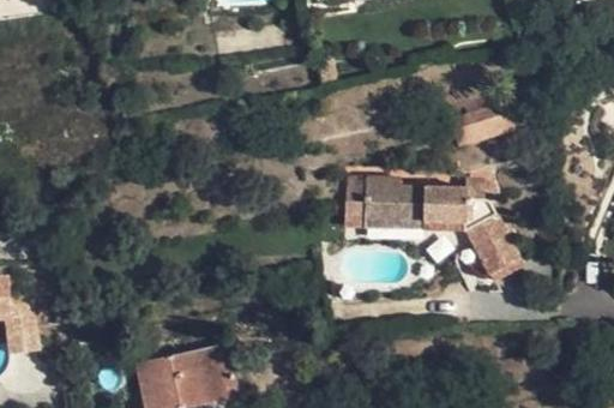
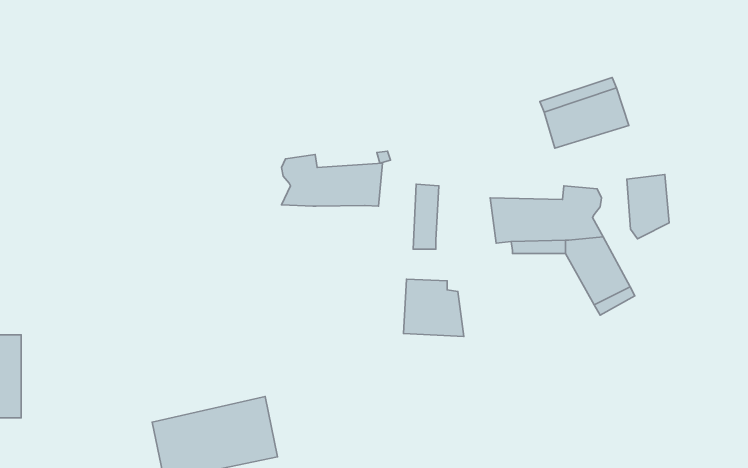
building: none -> [282,155,382,206]
building: none -> [627,175,669,239]
building: [363,176,411,222] -> [404,279,464,337]

